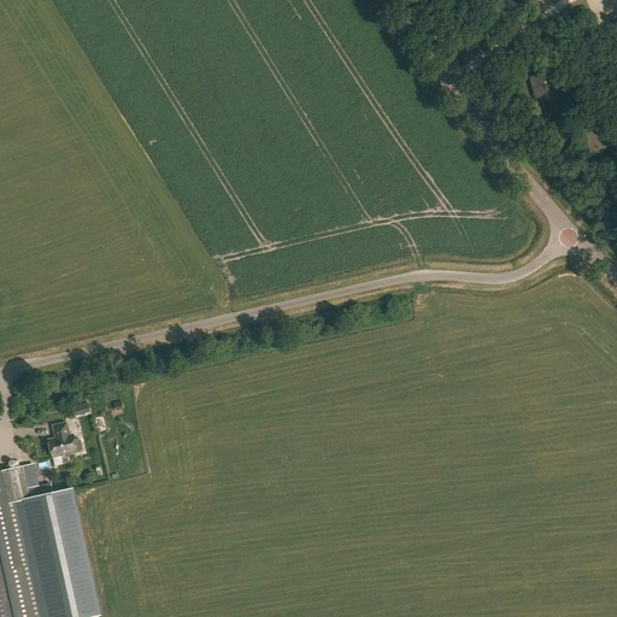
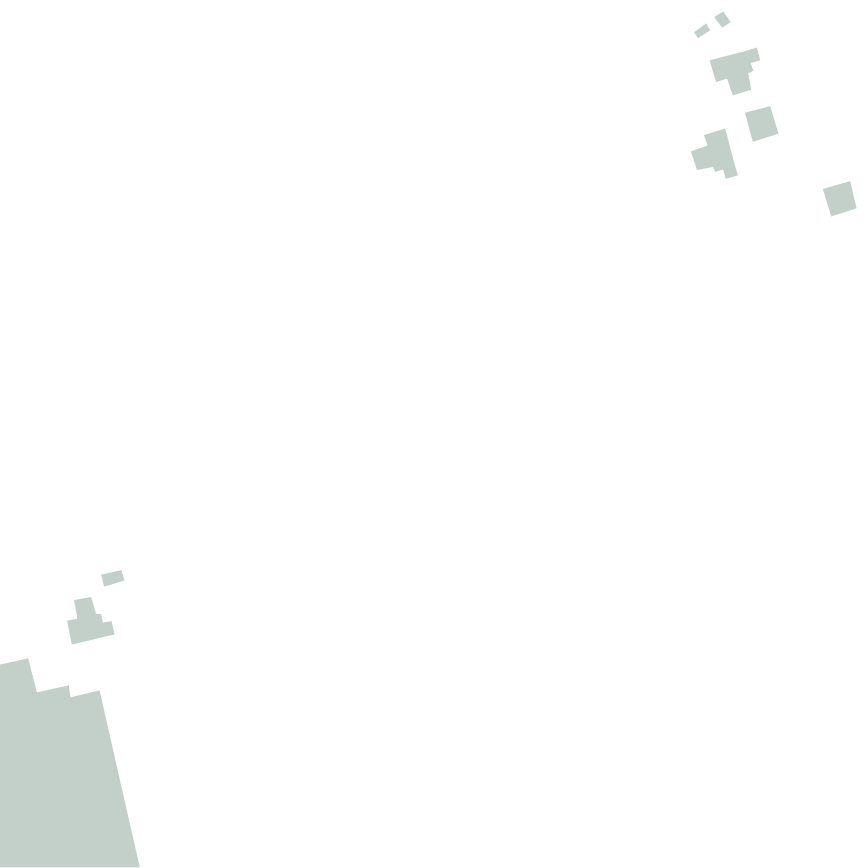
building: none -> [708,47,761,96]
building: none -> [690,127,739,180]

